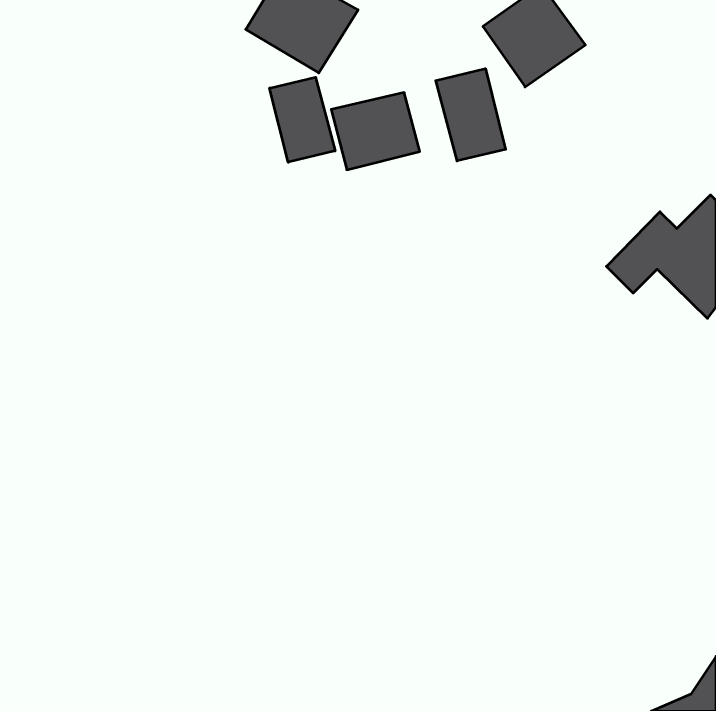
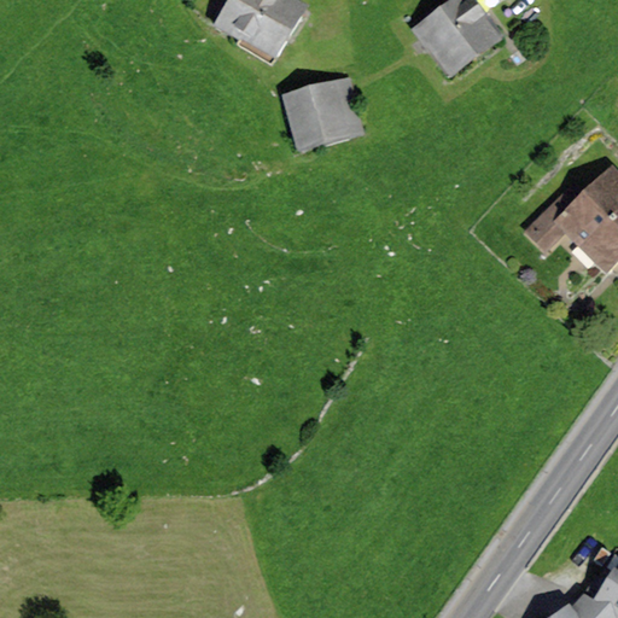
building: [436,69,506,161] -> none
building: [270,77,335,162] -> none

